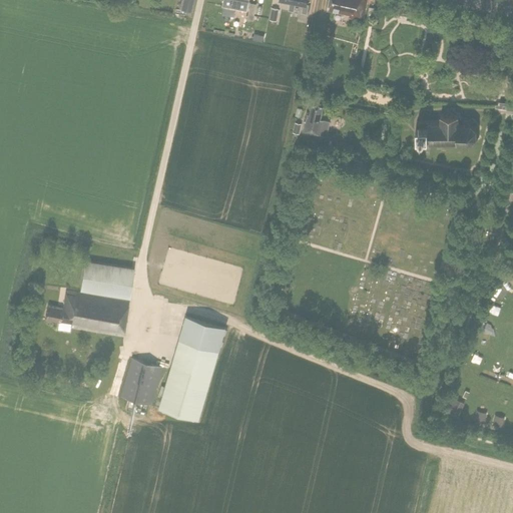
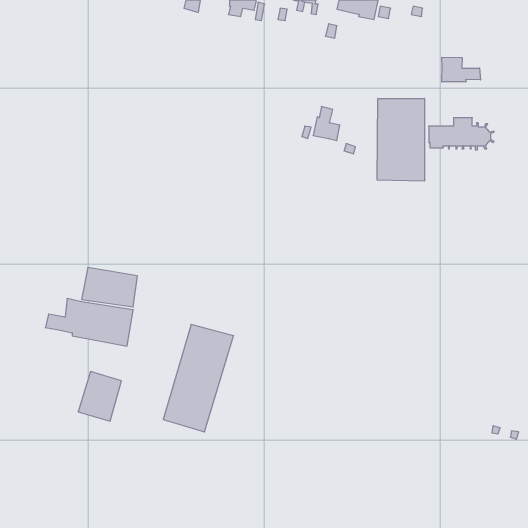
building: none -> [442,57,480,82]
building: none -> [377,98,425,181]
building: [120,357,162,405] -> [78,372,121,421]

